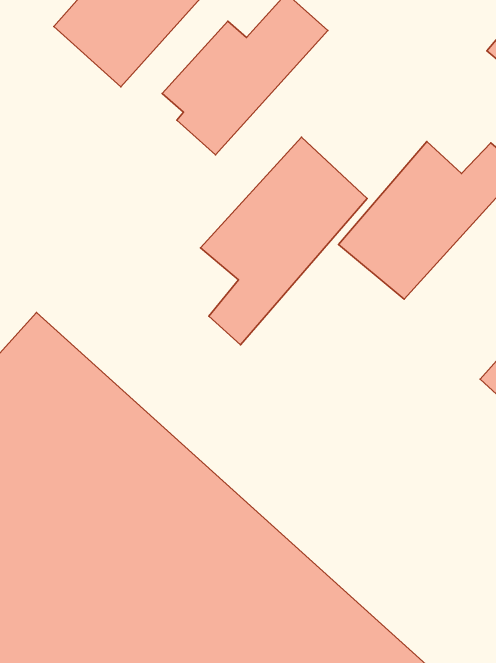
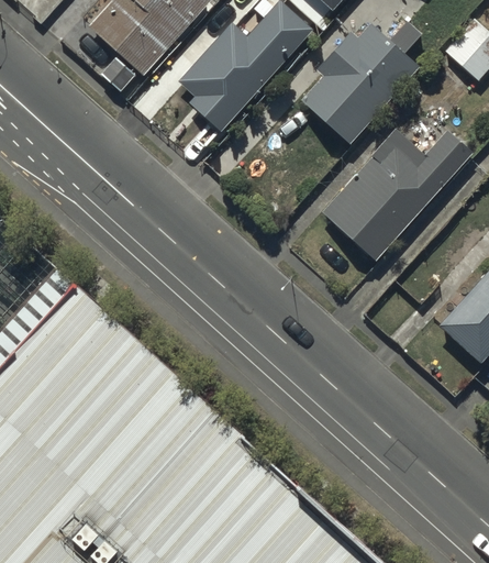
building: none -> [299,29,419,152]
building: [201,137,367,345] -> none

